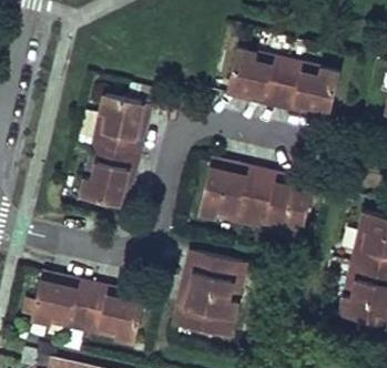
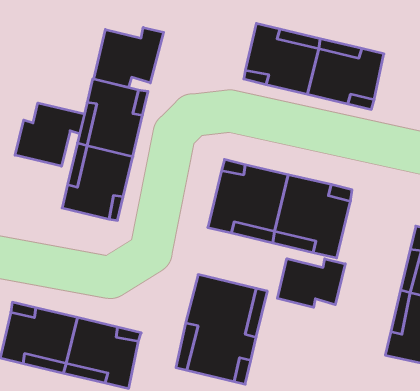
building: none -> [94,27,164,87]
building: none -> [15,103,84,166]
building: none -> [277,259,345,307]

